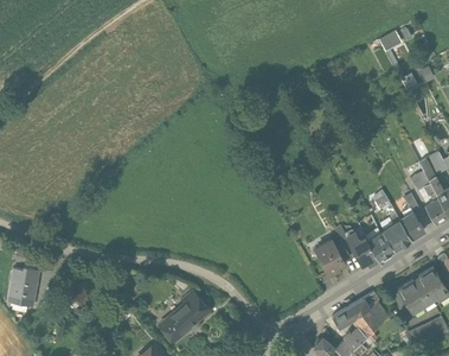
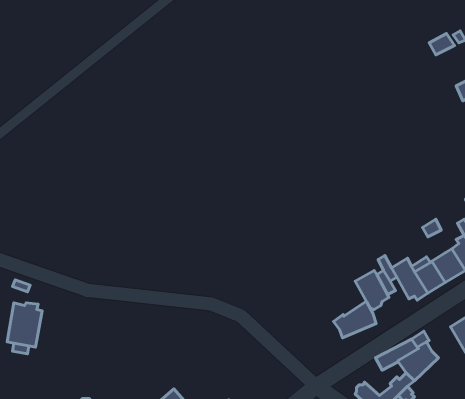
building: none -> [333,302,376,338]
building: [160,293,210,343] -> none

